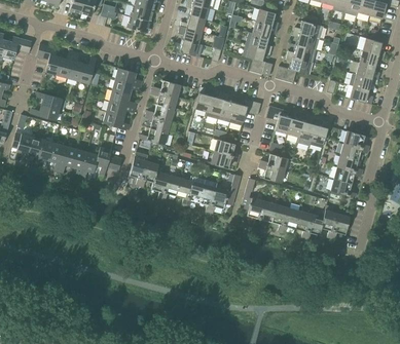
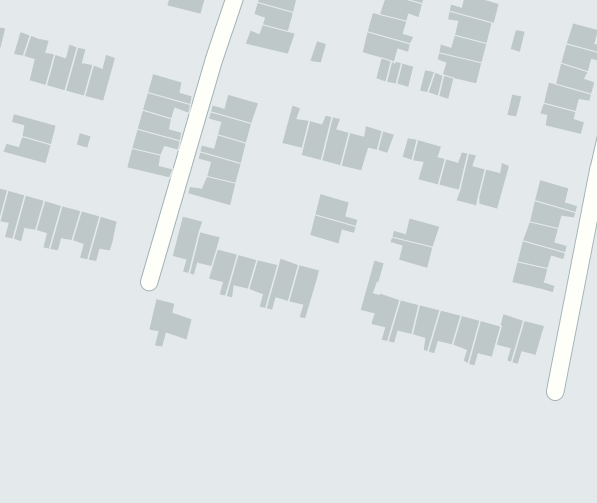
building: [96,147,121,176] -> [149,298,193,347]
building: [209,175,241,214] -> none

